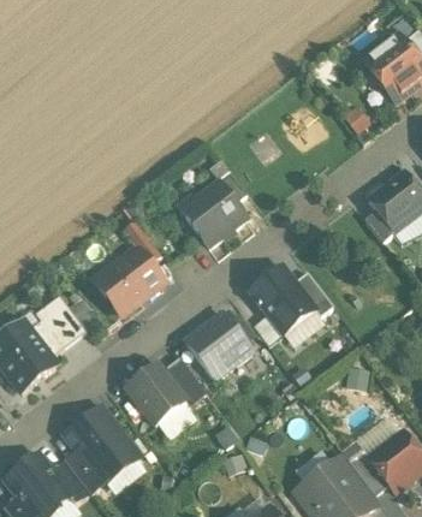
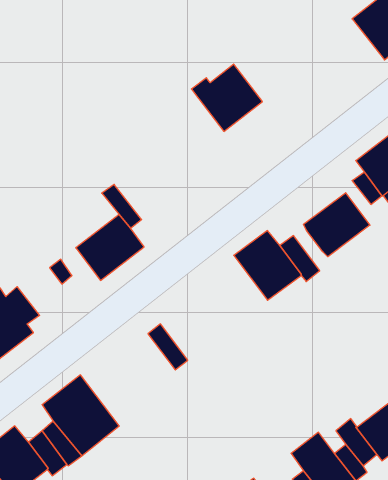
building: [177,180,245,245] -> [191,64,262,131]
building: none -> [303,193,370,257]
building: [35,296,84,347] -> none
building: [185,311,251,379] -> none
building: [125,362,185,423] -> none

